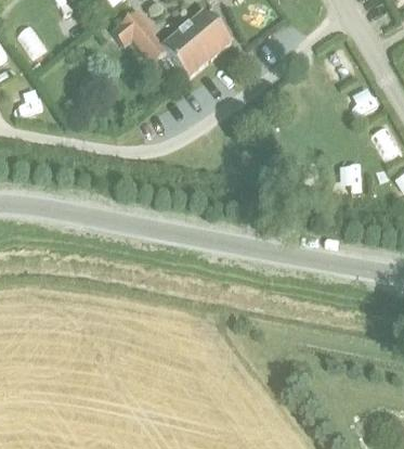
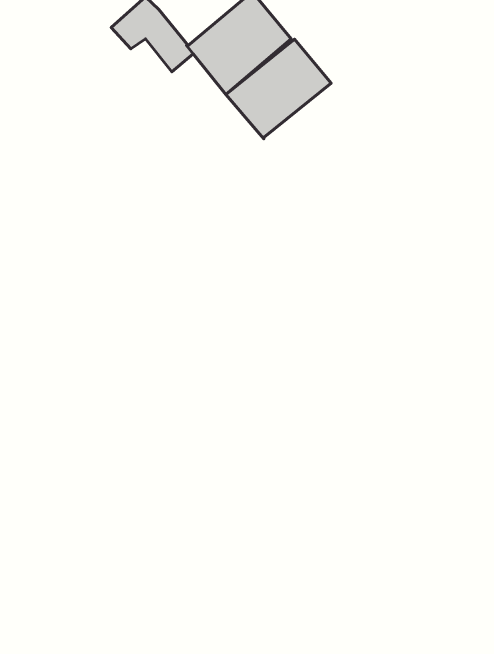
building: none -> [226,39,331,139]

